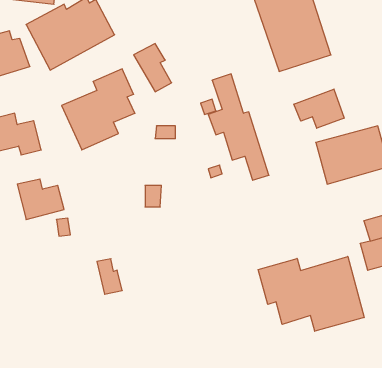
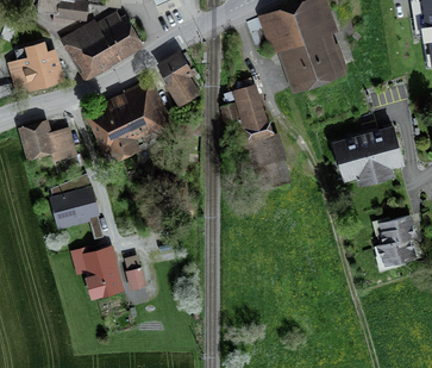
building: [294,89,344,128] -> none
building: none -> [73,243,126,302]
building: [258,256,364,331] -> none

